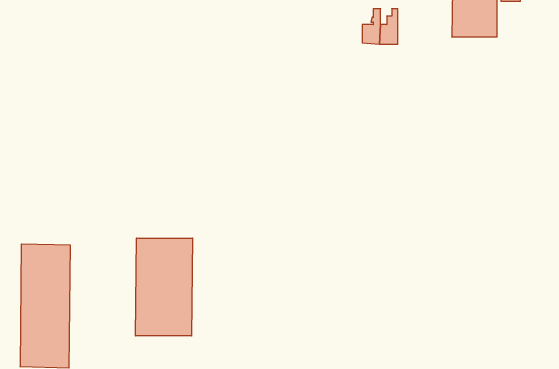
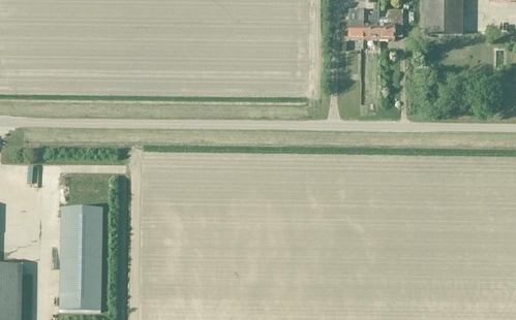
building: none -> [378,8,402,38]
building: [136,238,193,336] -> none

